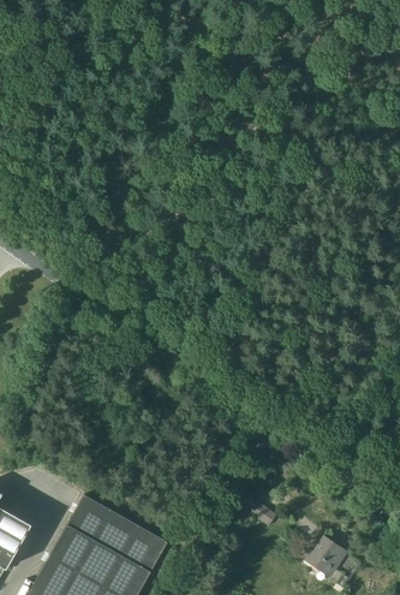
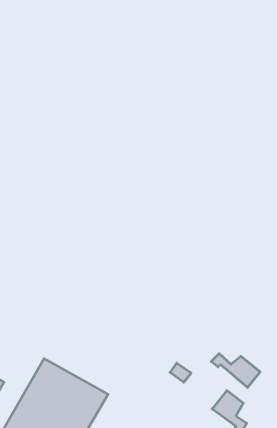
building: none -> [211,354,260,388]

